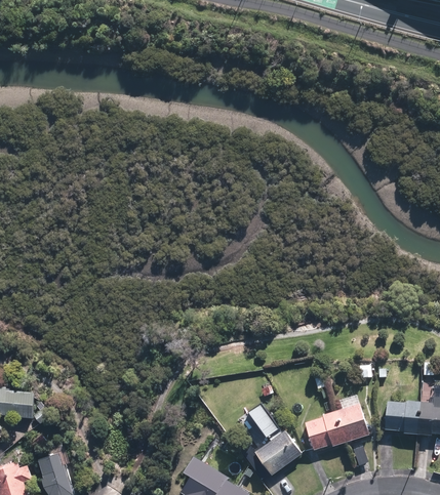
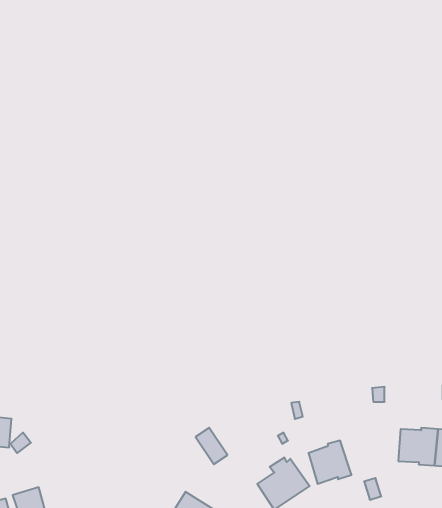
building: [250,403,279,436] -> [196,428,227,464]
building: [331,404,367,443] -> none

